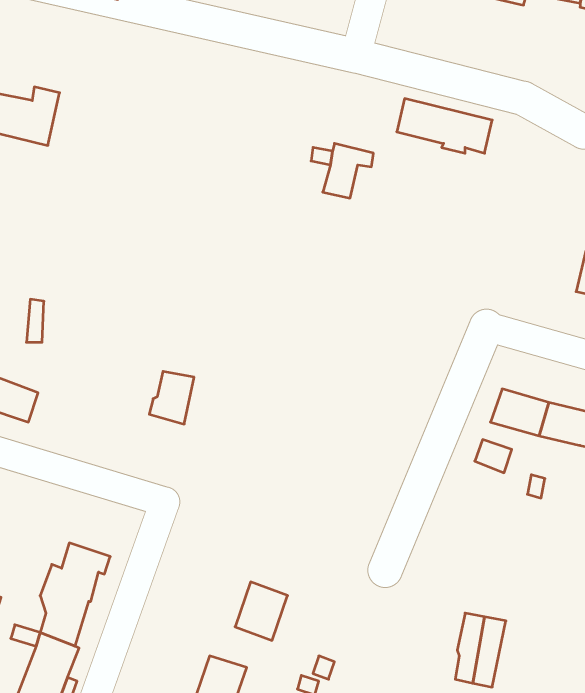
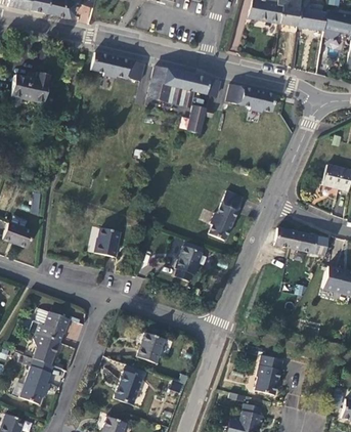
building: none -> [89,49,143,79]
building: none -> [147,62,220,103]
building: none -> [208,187,244,237]
building: none -> [175,240,203,275]

